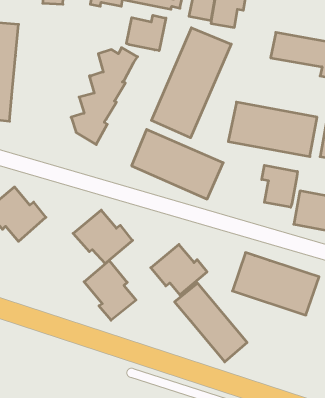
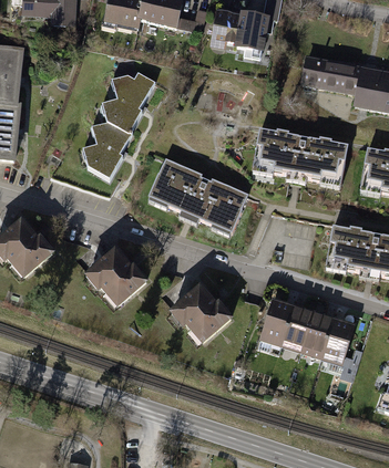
building: [126,15,166,51] -> none
building: [151,28,231,138] -> none
building: [262,165,297,207] -> none
building: [84,261,136,320] -> none
building: [175,283,247,362] -> none

